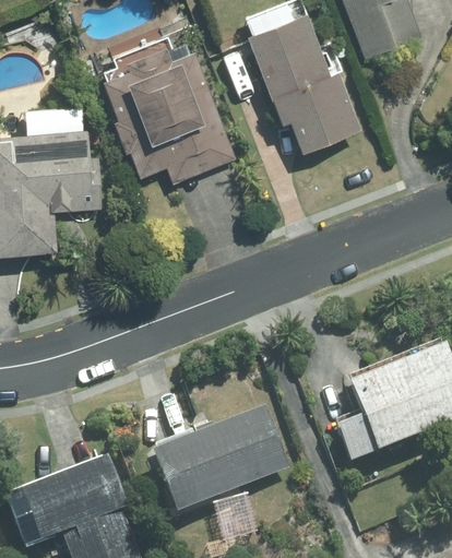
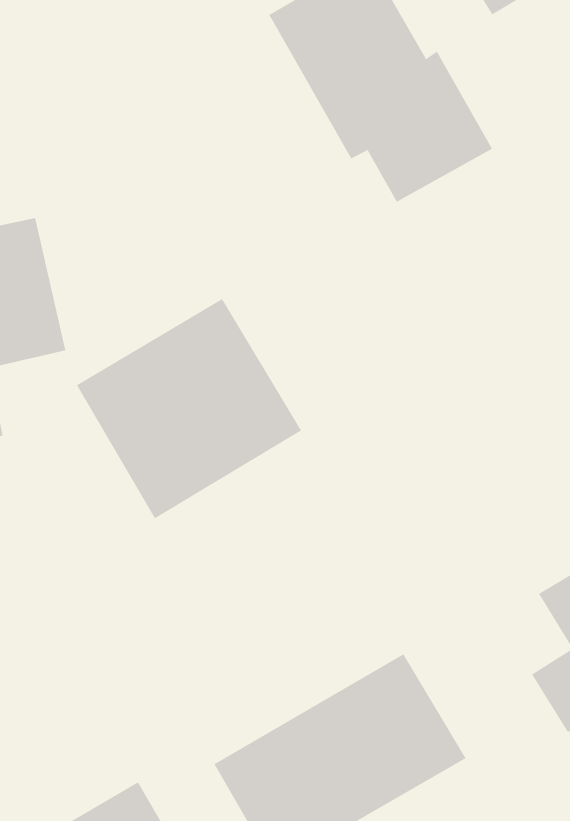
building: [100,47,237,179] -> none
building: none -> [76,298,302,519]

